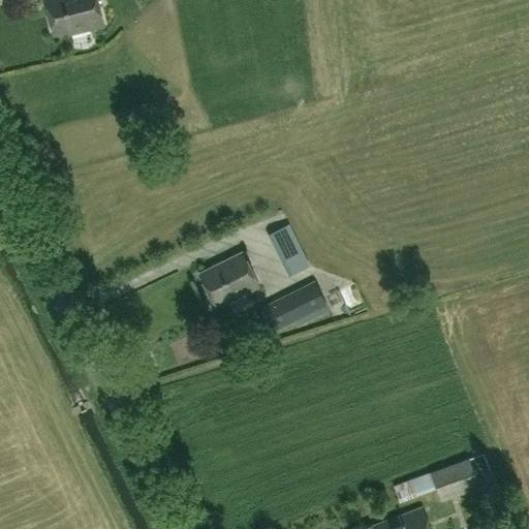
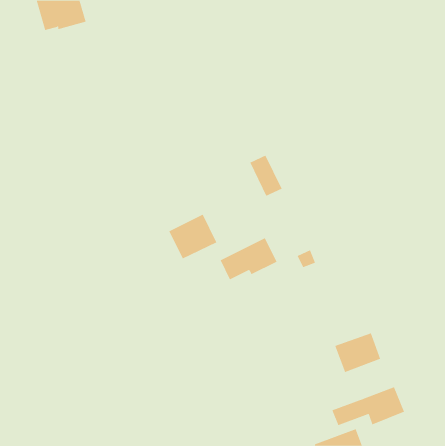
building: [270,225,309,275] -> [249,155,283,197]
building: none -> [335,332,381,373]

